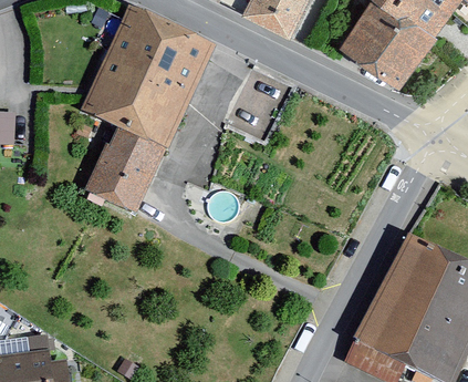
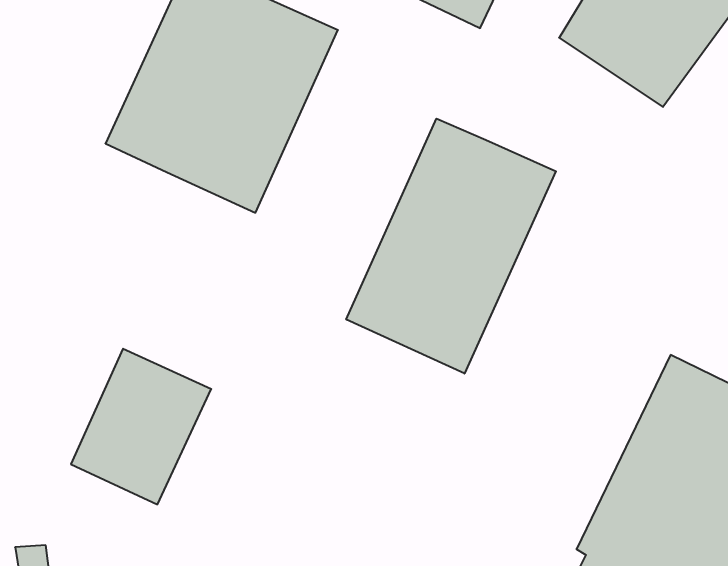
building: none -> [346,119,556,374]
building: [86,125,167,215] -> [71,349,211,504]

